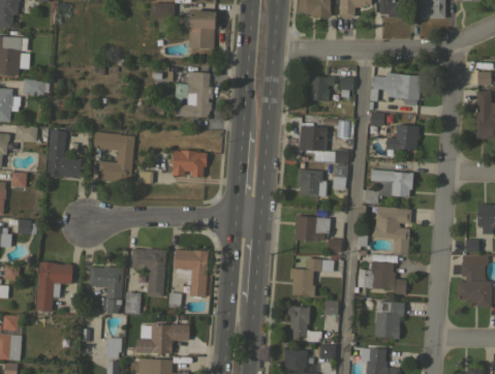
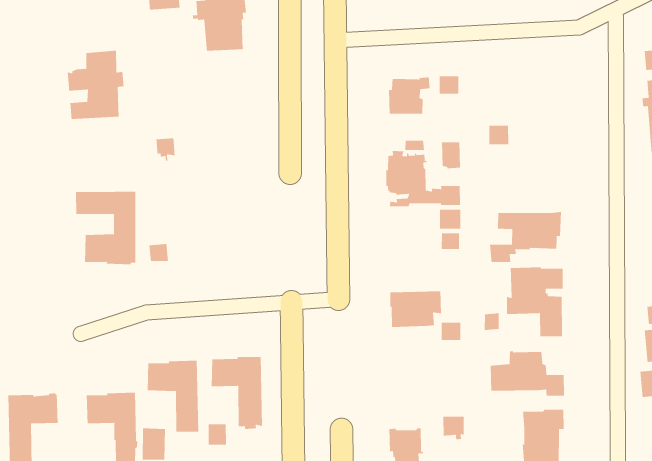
building: [176,72,213,117] -> [67,50,125,120]
building: [369,73,422,100] -> none
building: [386,125,420,150] -> none
building: [48,130,82,179] -> none
building: [173,150,208,178] -> none
building: [298,169,328,197] -> none
building: [290,258,335,298] -> none

